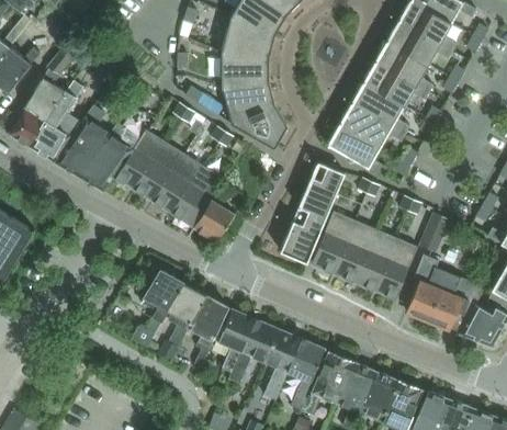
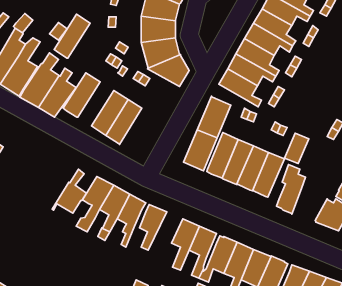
building: [135,142,184,202] -> [54,14,90,58]
building: [188,181,235,241] -> [52,169,87,213]
building: [428,272,485,331] -> none
building: [229,319,279,384] -> none

